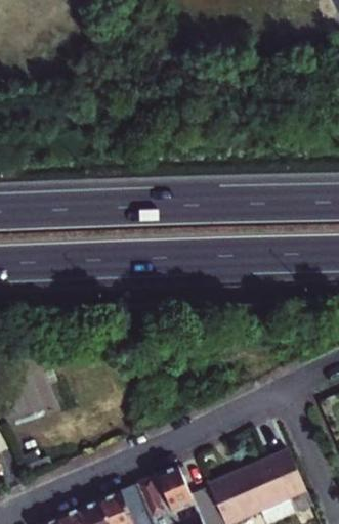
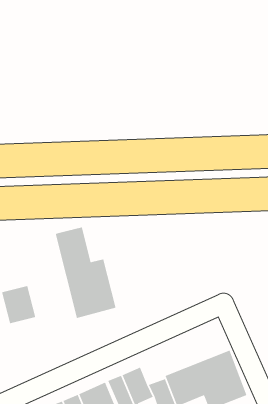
building: none -> [55,227,117,319]

